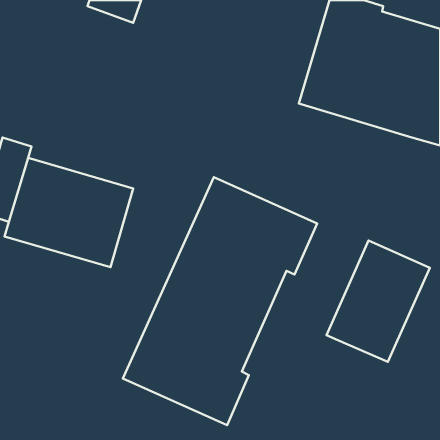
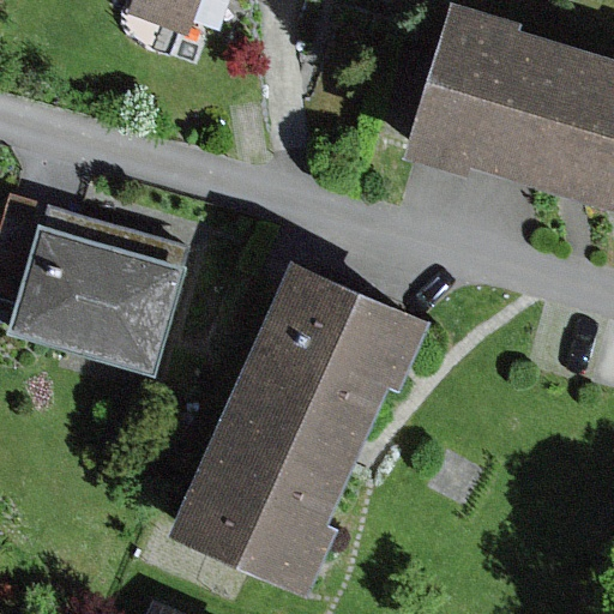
building: [326,241,430,362] -> none

